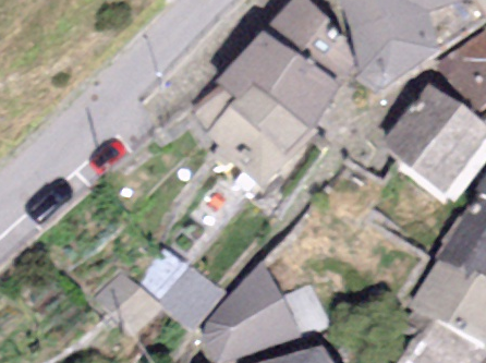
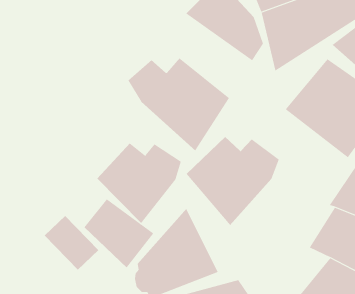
building: [216,29,341,130] -> none
building: none -> [186,136,279,226]
building: none -> [96,142,181,224]

